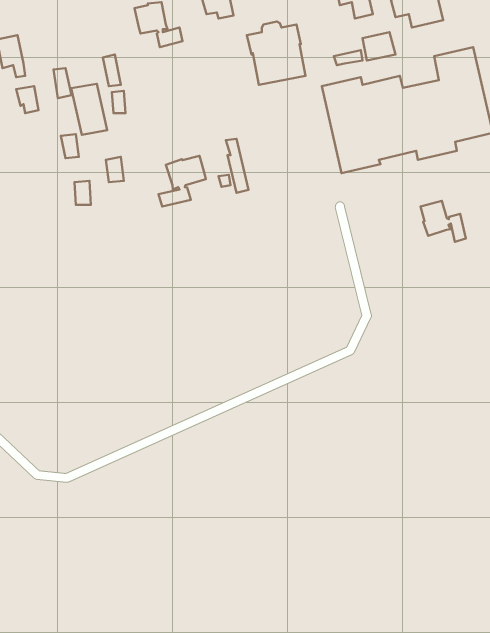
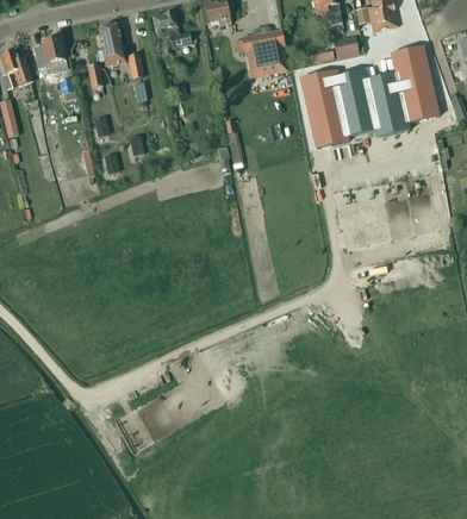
building: [71,84,107,135] -> [98,25,126,65]
building: [159,156,206,207] -> none
building: [421,201,466,242] -> none

